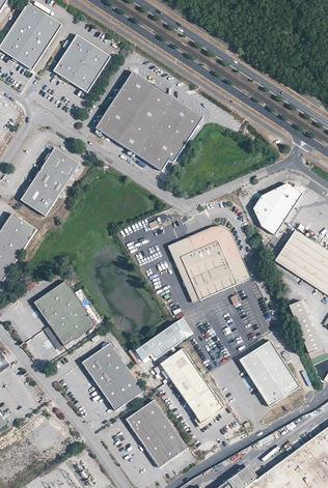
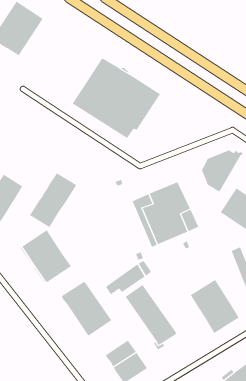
building: [52,35,110,93] -> none
building: [20,148,78,216] -> [29,172,77,228]
building: [125,400,163,433] -> none

